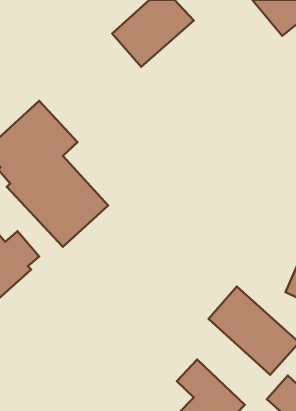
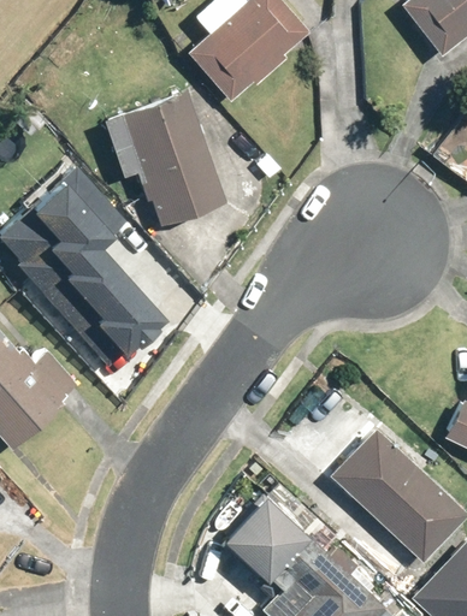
building: none -> [120,90,229,226]
building: none -> [220,496,307,581]

